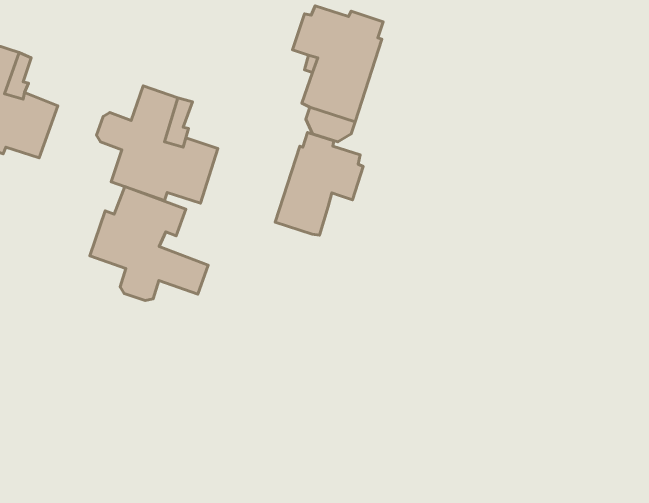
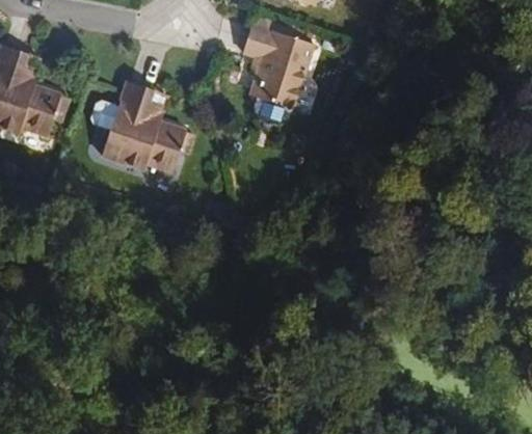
building: [275,132,363,235] -> none
building: [90,187,208,301] -> none

